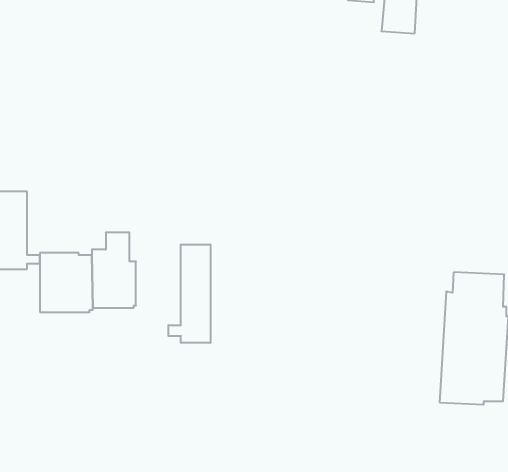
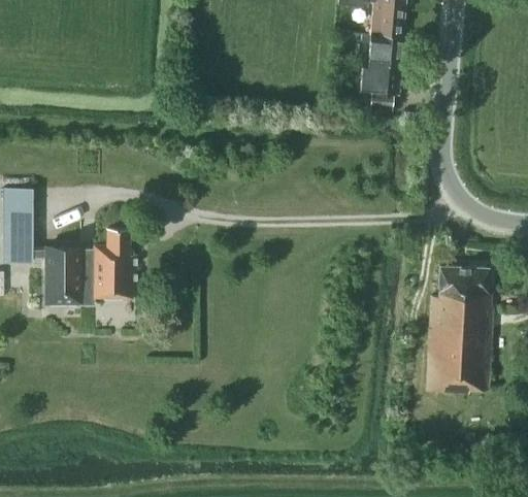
building: none -> [360,34,405,110]
building: [168,244,210,343] -> none

